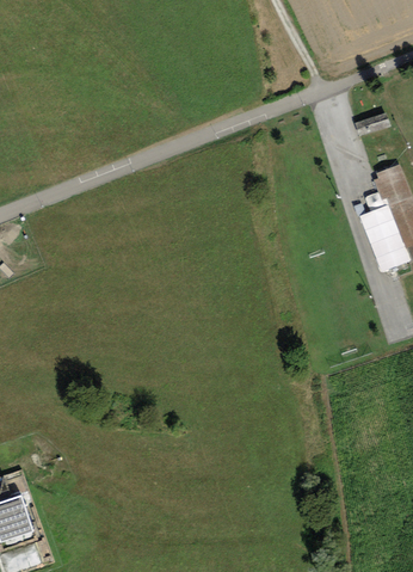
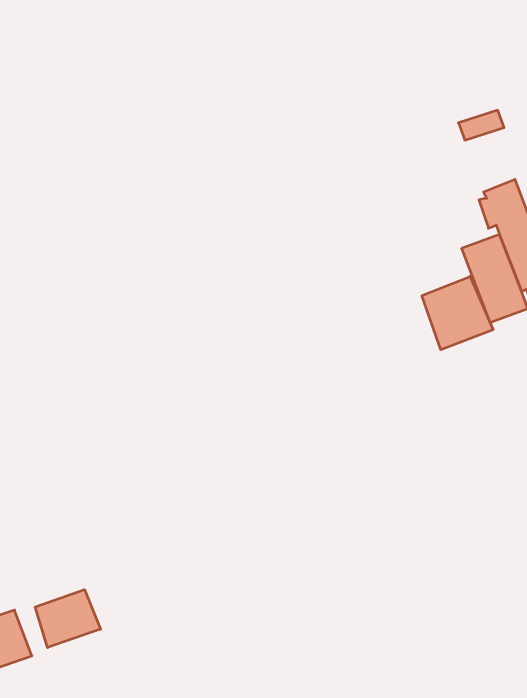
building: none -> [422,276,493,350]
building: none -> [35,590,101,648]

